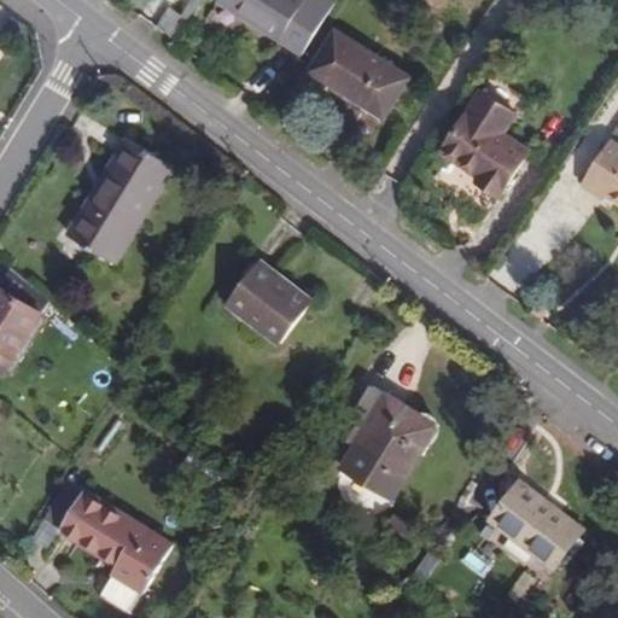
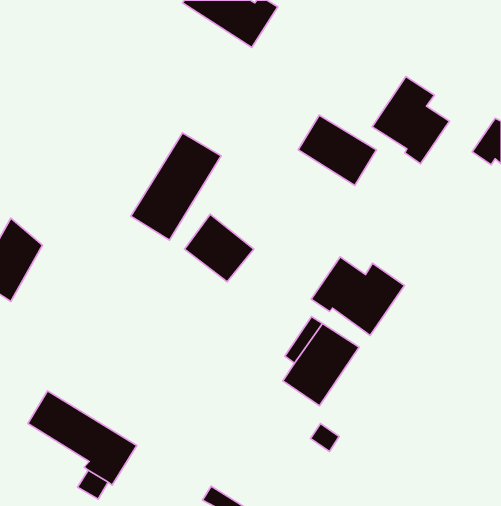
building: [316,34,412,119] -> [298,115,377,186]
building: [59,141,169,272] -> [131,133,221,240]
building: none -> [311,257,405,335]
building: [490,482,584,569] -> none

